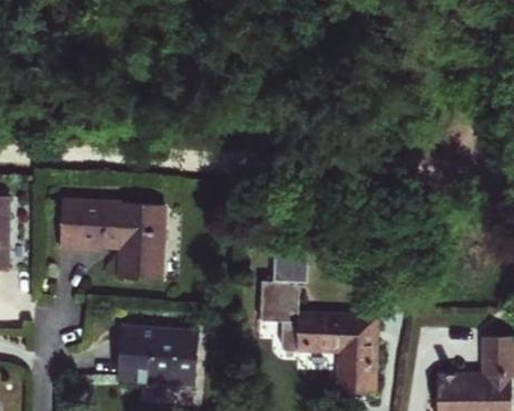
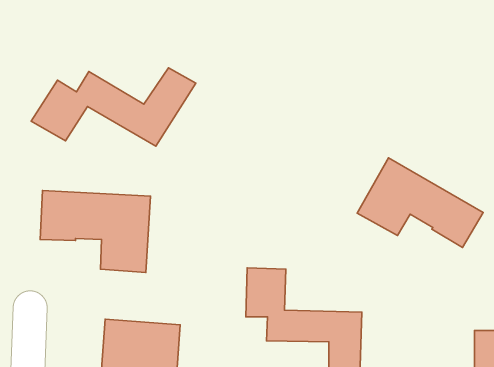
building: none -> [31,68,196,146]
building: none -> [357,158,483,247]

